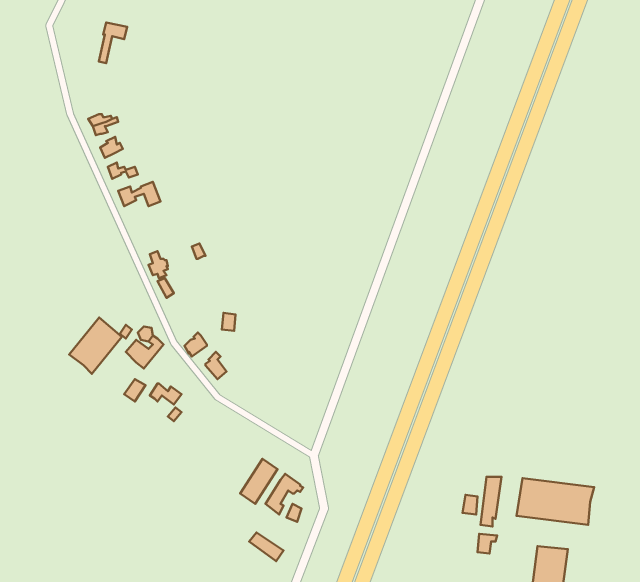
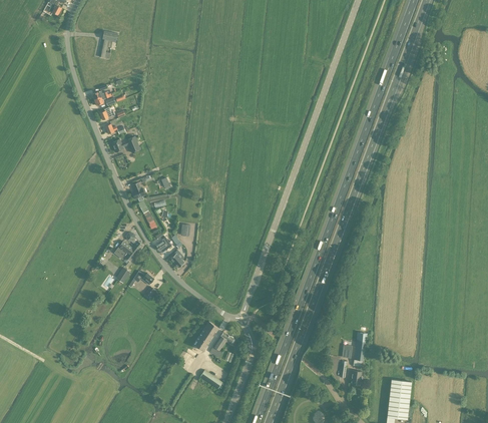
building: [69,317,122,374] -> none
building: [517,478,594,525] -> none

